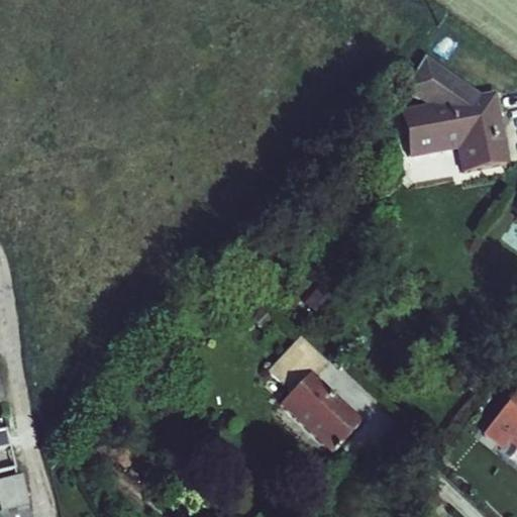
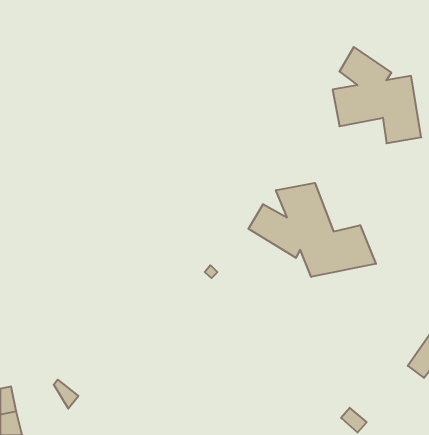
building: none -> [248,183,376,277]
building: [267,340,360,451] -> none

